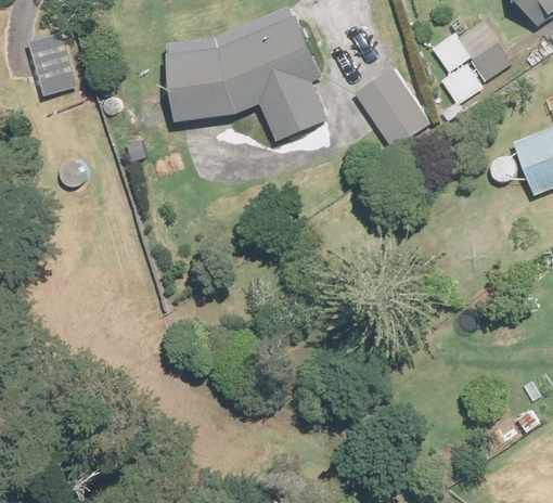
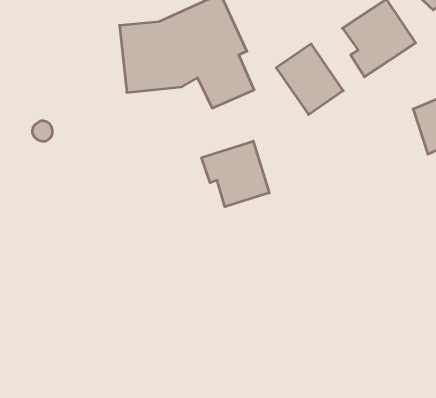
building: [30,35,76,89] -> none
building: none -> [202,141,269,207]

